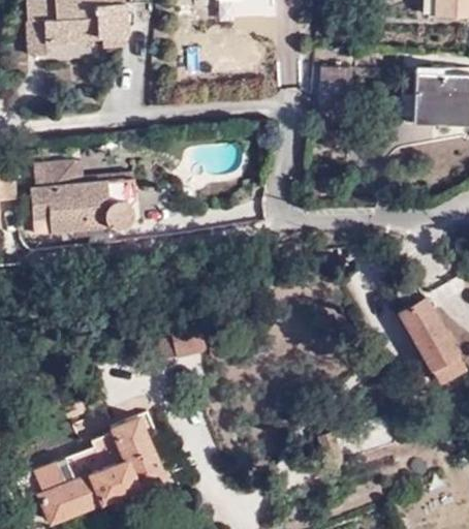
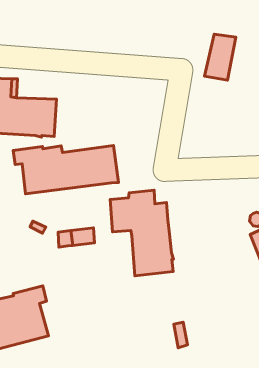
building: none -> [13,146,119,194]
building: none -> [110,190,173,276]

